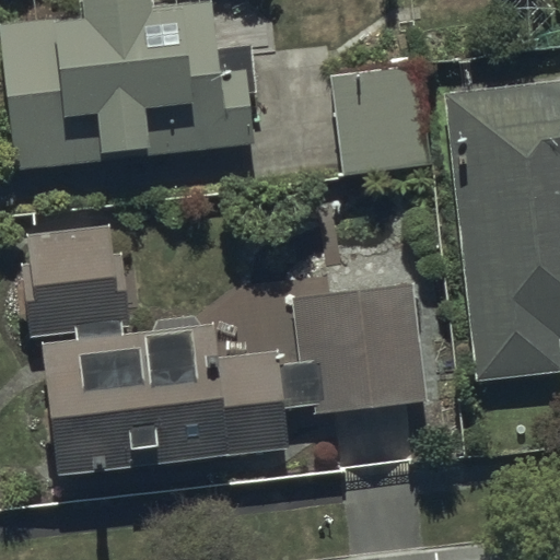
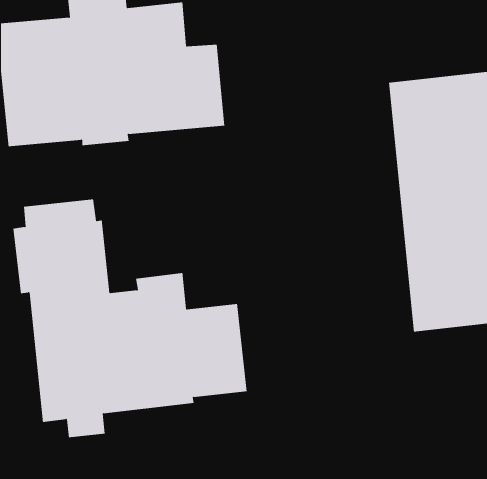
building: [331,65,427,176] -> none
building: [295,282,429,419] -> none

